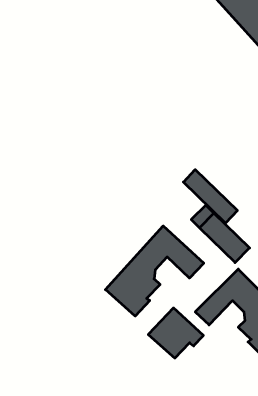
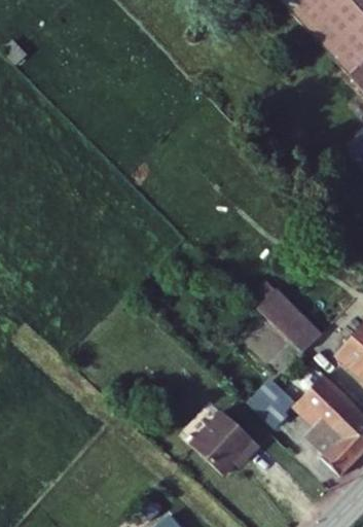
building: [183,170,237,223] -> none
building: [105,226,204,316] -> none

